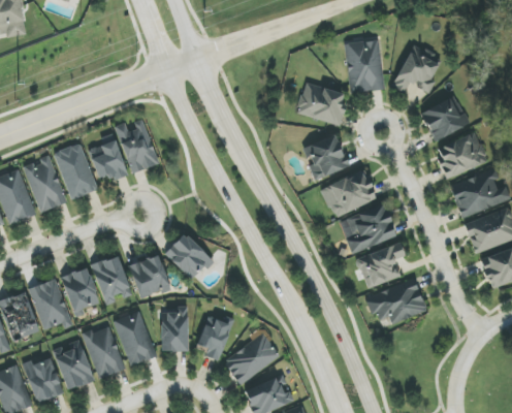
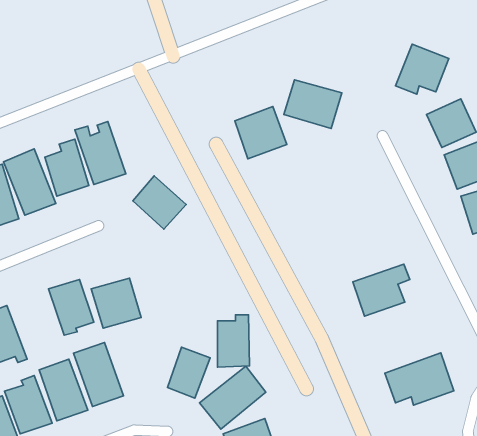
building: [345,38,384,92] -> none
building: [303,133,349,179] -> [235,107,287,159]
building: [324,168,377,216] -> none
building: [346,203,396,253] -> none
building: [165,231,212,278] -> [133,176,186,229]
building: [61,266,100,316] -> none
building: [366,278,426,323] -> [385,353,454,405]
building: [161,306,189,351] -> [218,315,250,367]

